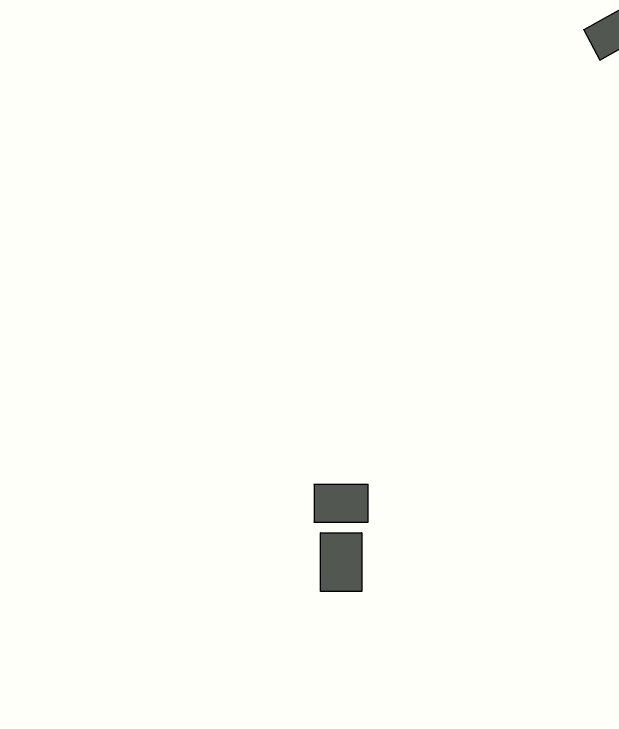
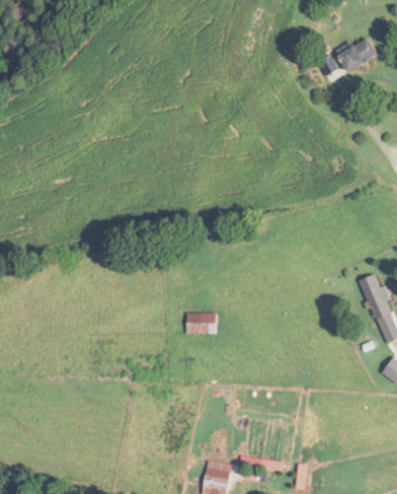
building: [321,533,362,591] -> none

